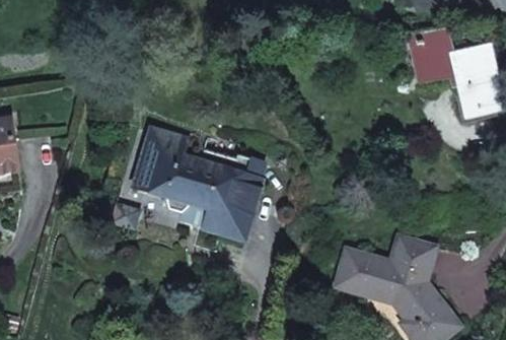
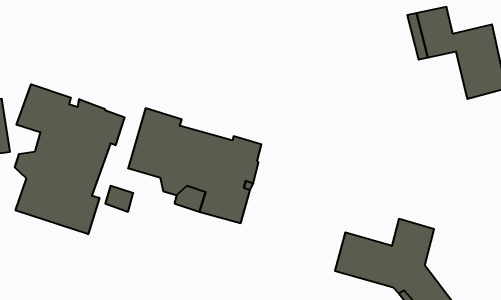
building: none -> [15,84,125,234]

